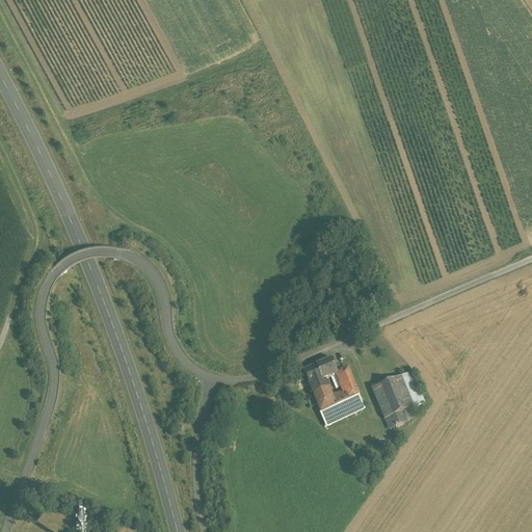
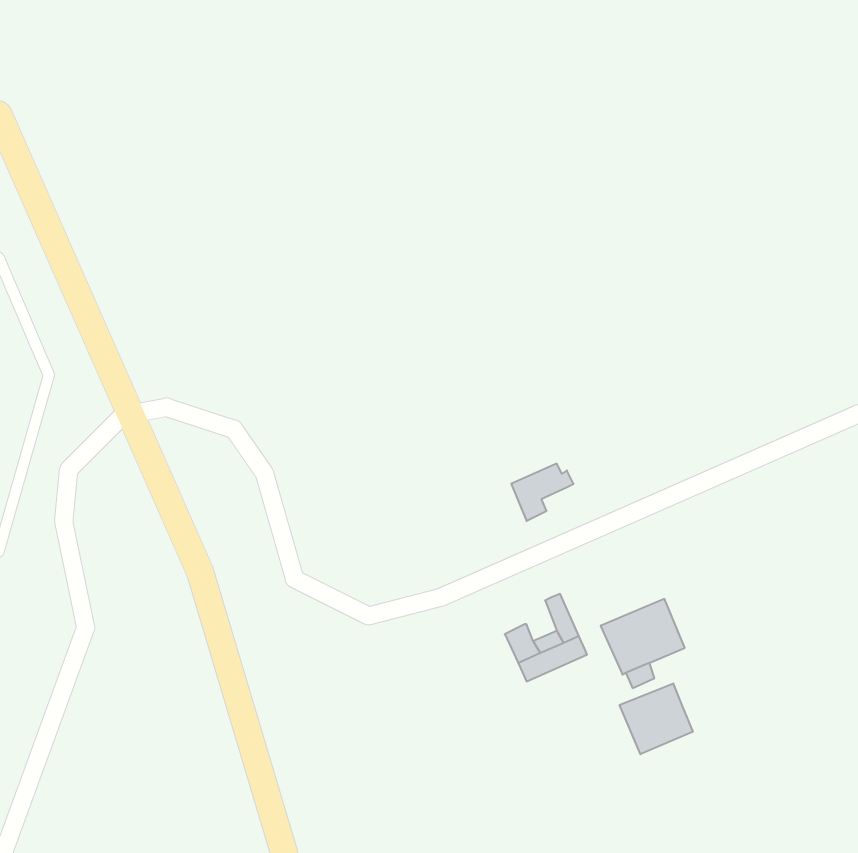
building: [302,356,341,392] -> [511,464,574,521]
building: none -> [620,683,693,754]

